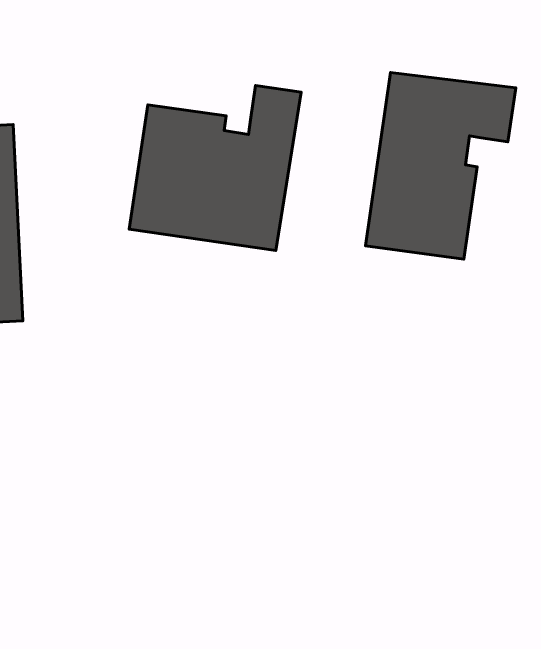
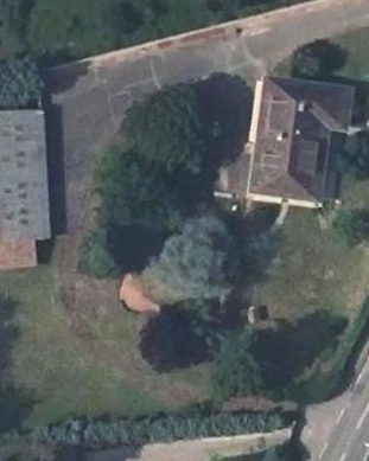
building: [129,86,301,250] -> none

